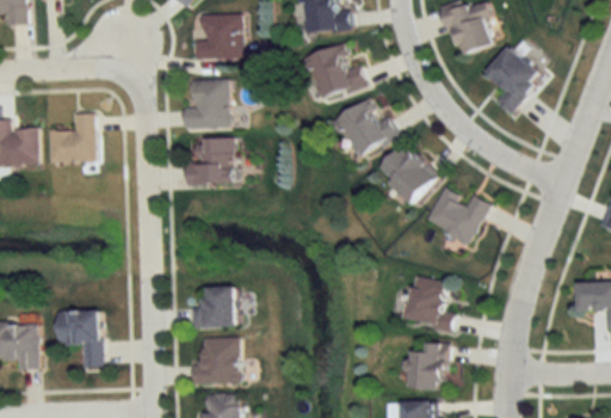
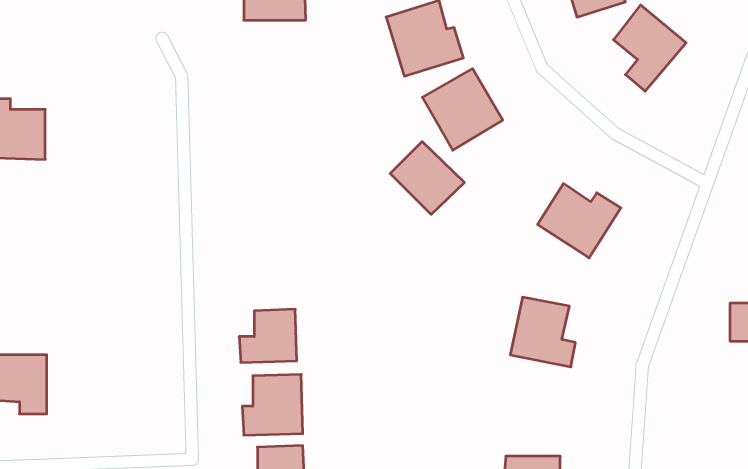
building: [184,79,228,127] -> none
building: [48,112,94,162] -> none
building: [184,137,233,184] -> none
building: [377,145,436,202] -> [390,142,464,214]
building: [57,311,101,368] -> none
building: [407,343,444,389] -> none

